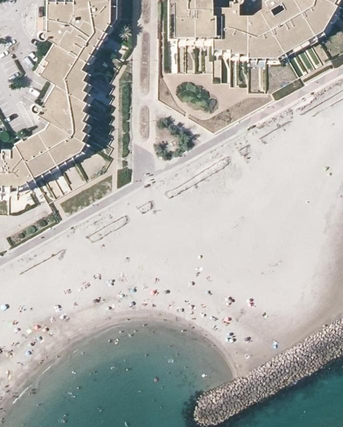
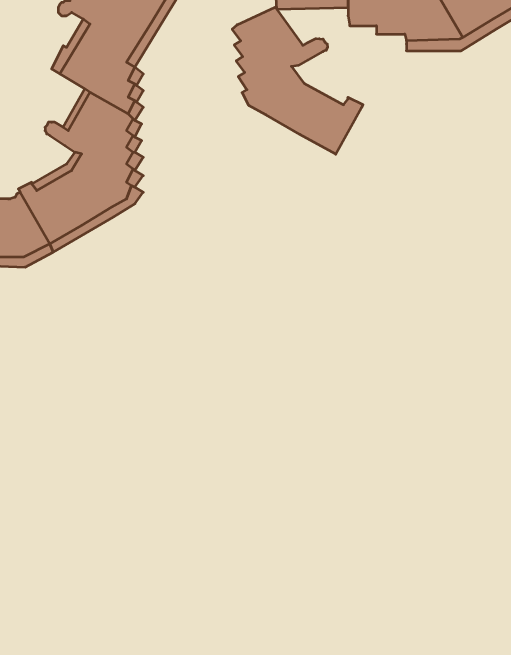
building: none -> [232,7,363,154]

